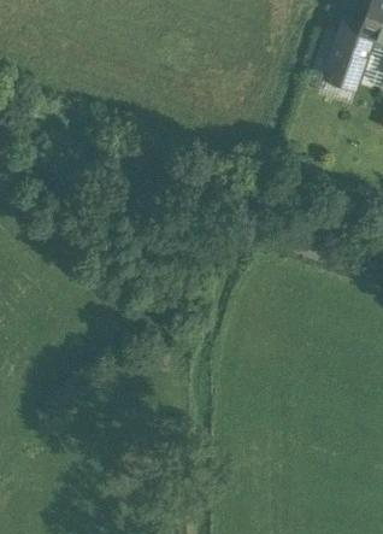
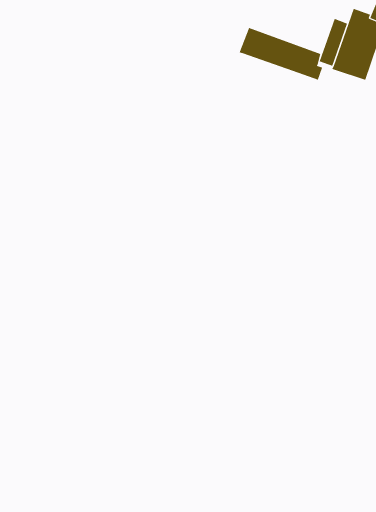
building: none -> [239,27,323,81]

